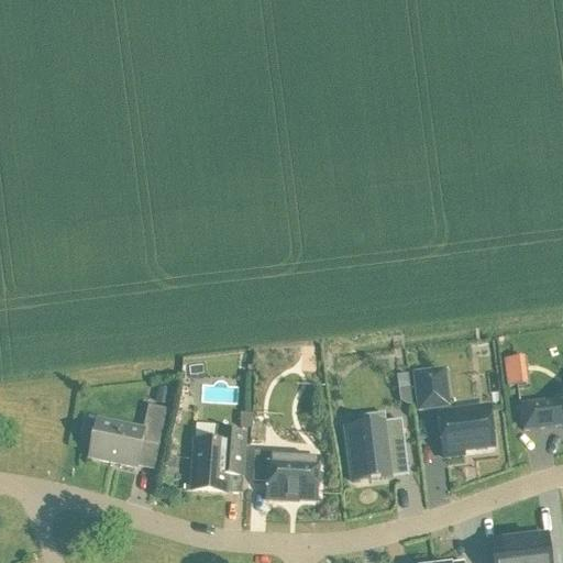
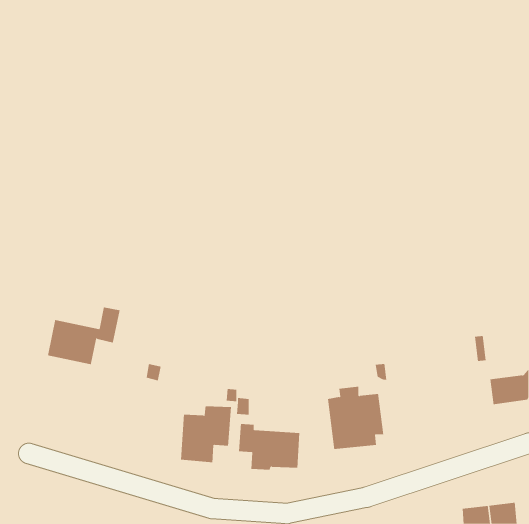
building: [412,368,443,406] -> none
building: [89,405,167,466] -> [47,307,121,365]
building: [439,406,494,455] -> none

